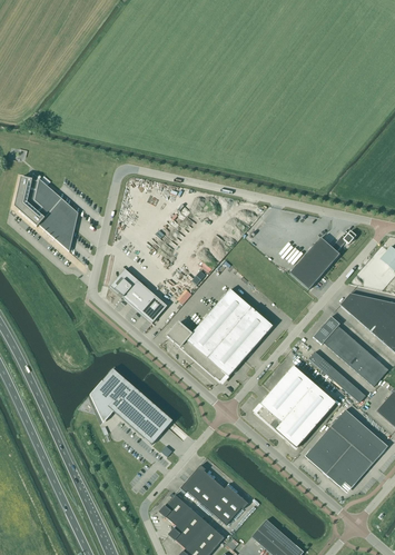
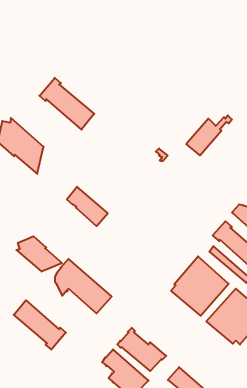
building: none -> [39,78,94,130]
building: [289,232,353,288] -> [186,115,232,155]
building: [167,288,271,381] -> none
building: none -> [16,236,62,272]
building: none -> [14,300,66,350]

